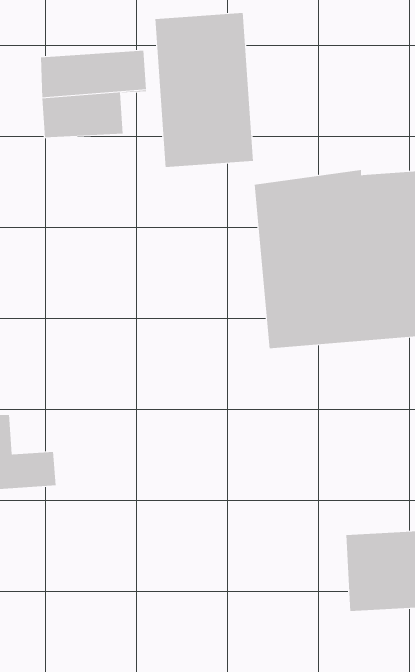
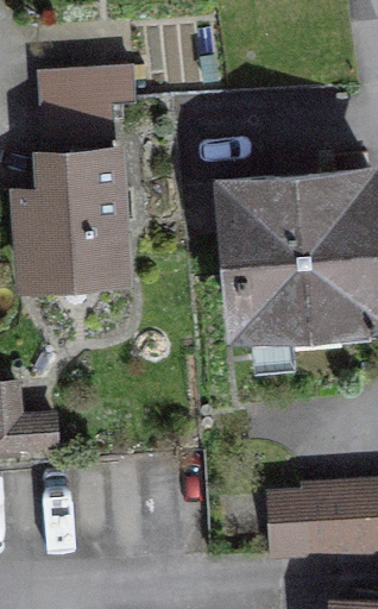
building: [155,12,253,168] -> none
building: none -> [21,149,121,277]

